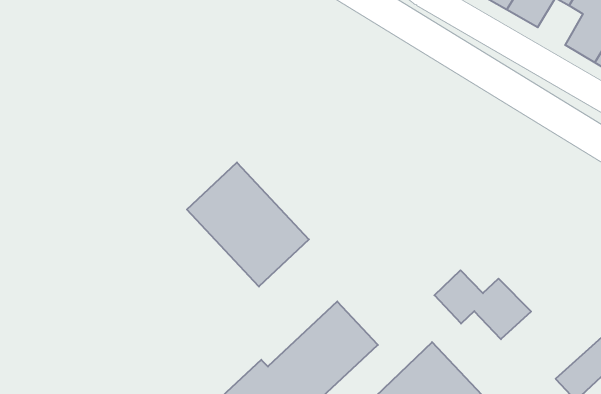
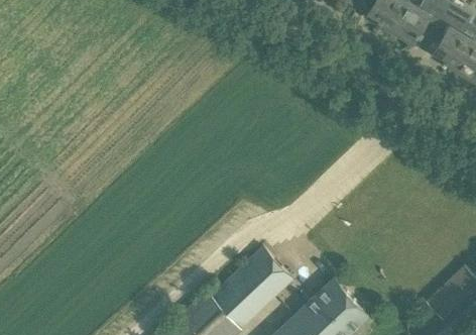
building: [187,162,309,287] -> none
building: [434,270,531,339] -> none

